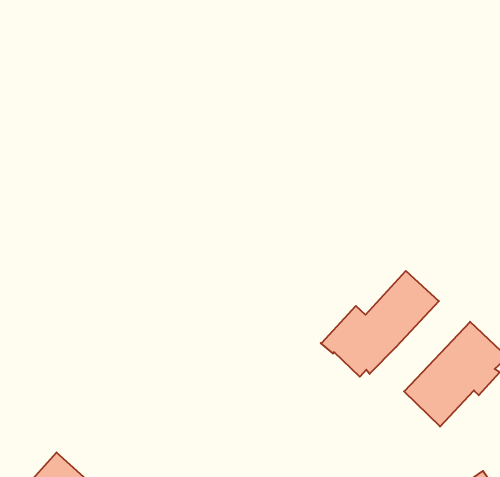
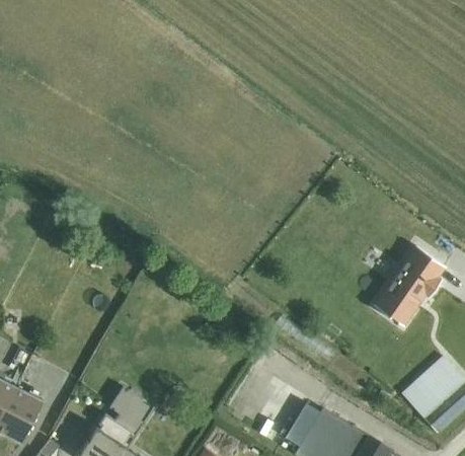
building: [321,271,439,377] -> none

